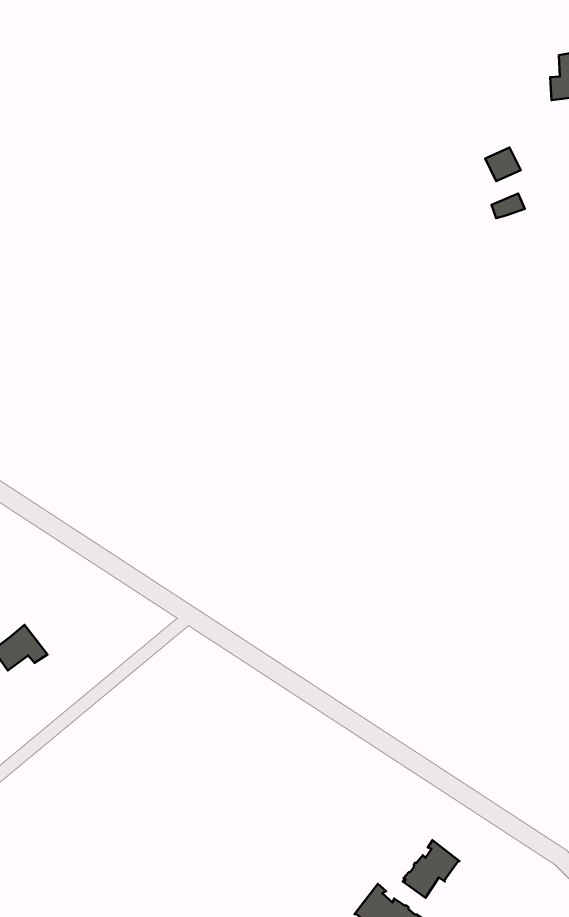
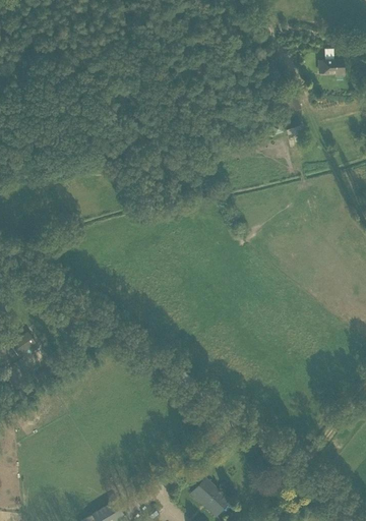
building: [403,840,460,898] -> none

